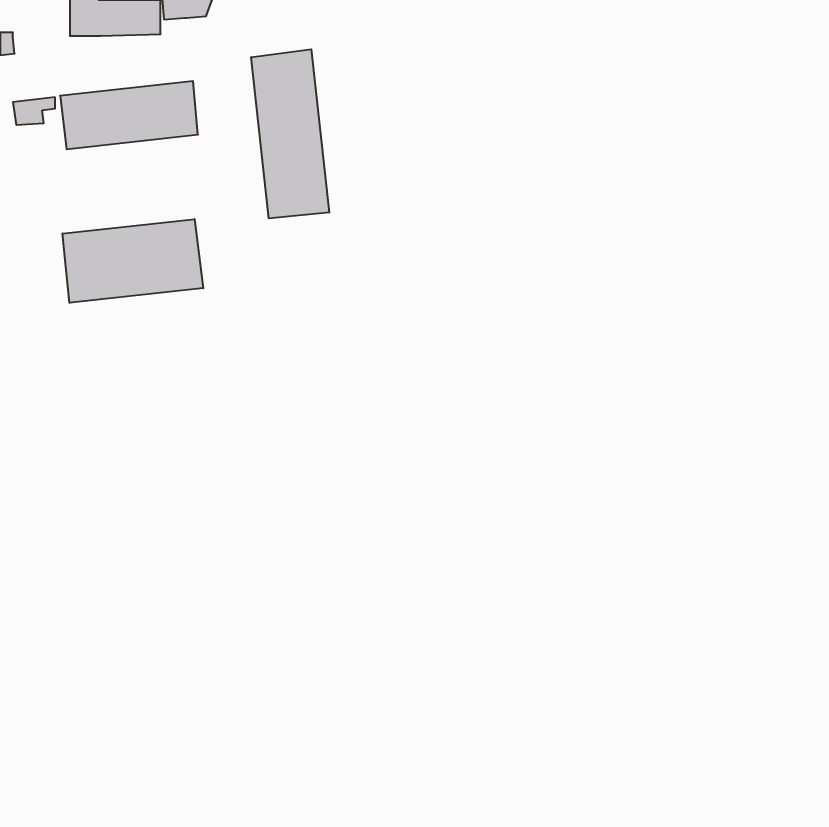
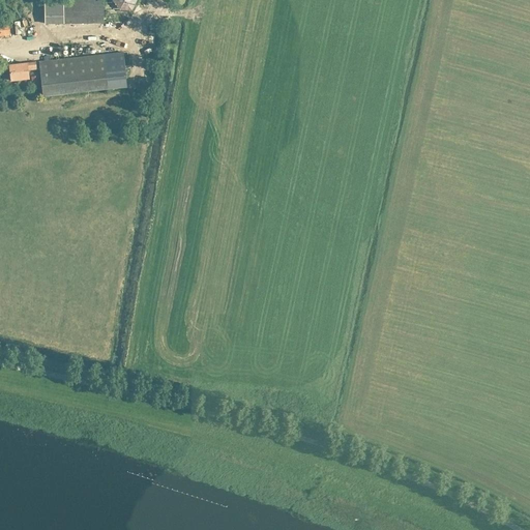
building: [251,49,329,218] -> none
building: [63,219,203,303] -> none

